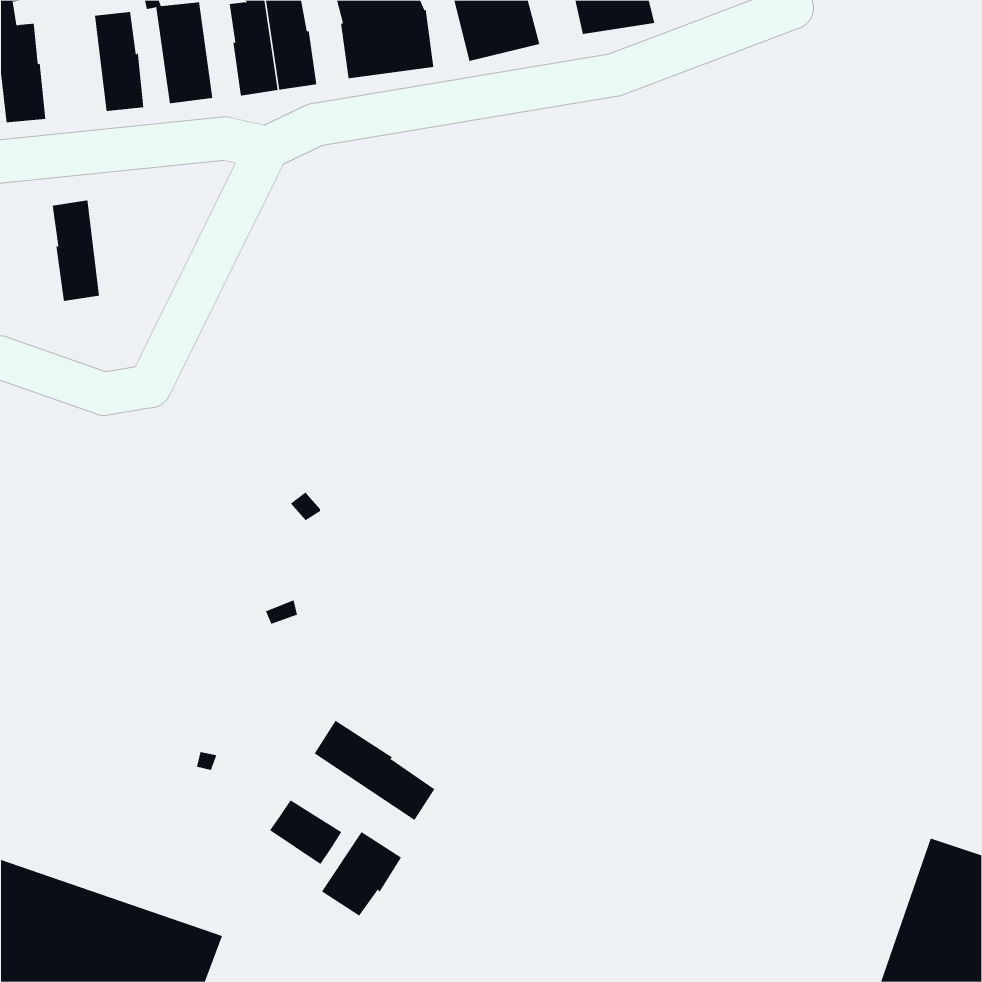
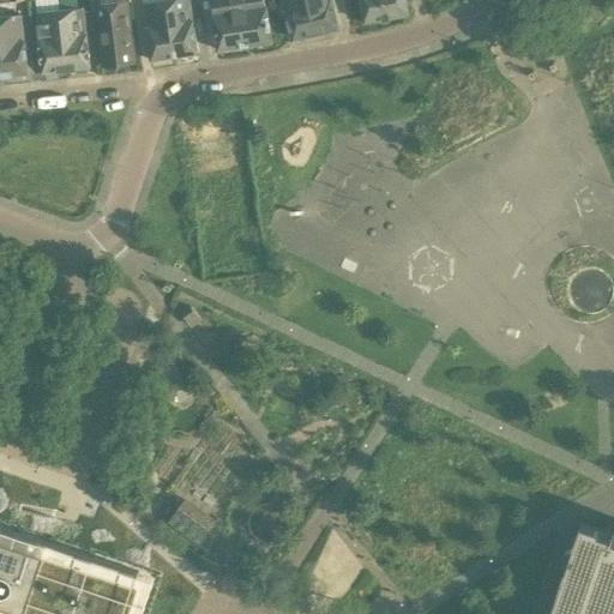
building: [52,200,100,302] -> [36,10,66,73]
building: [314,720,435,821] -> none
building: [321,831,402,917] -> none

